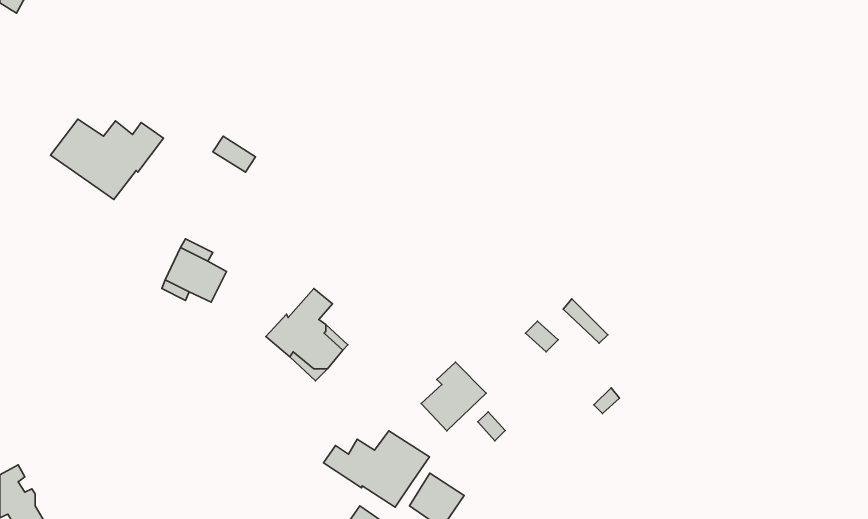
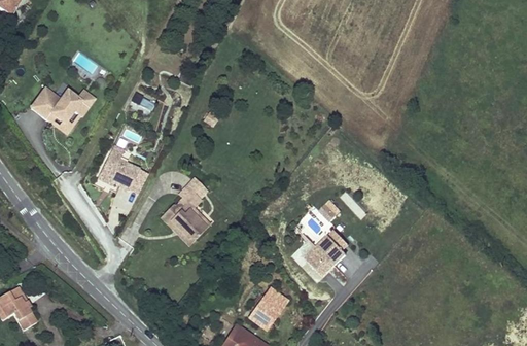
building: [421,362,486,431] -> [307,233,346,274]
building: [323,431,429,507] -> none

